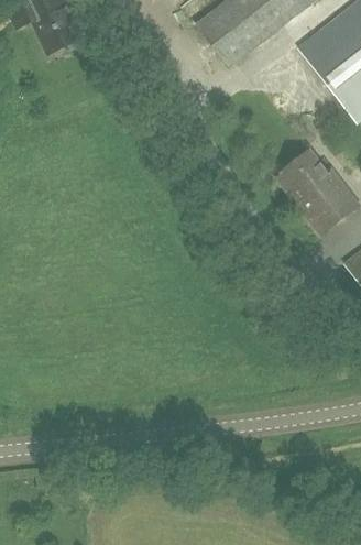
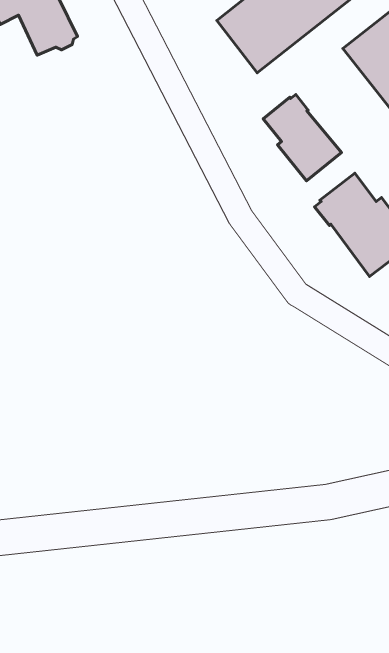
building: none -> [263,95,341,181]

